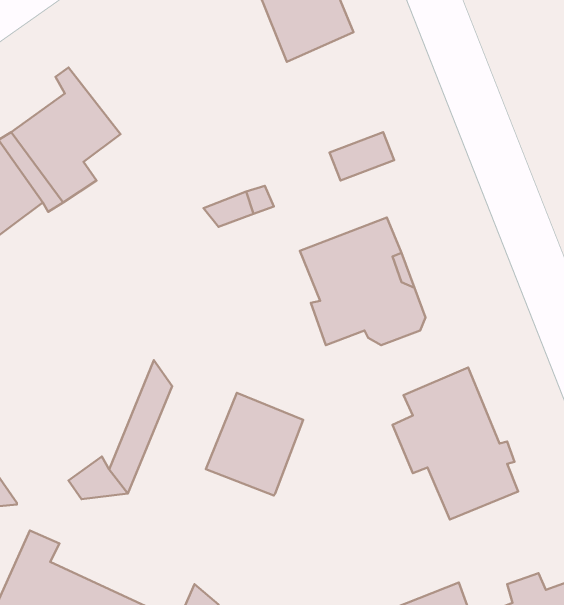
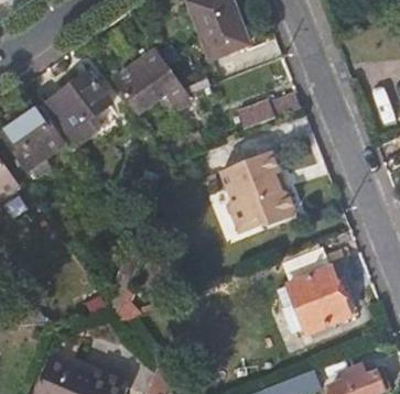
building: none -> [112,53,194,114]
building: [206,393,303,496] -> none

